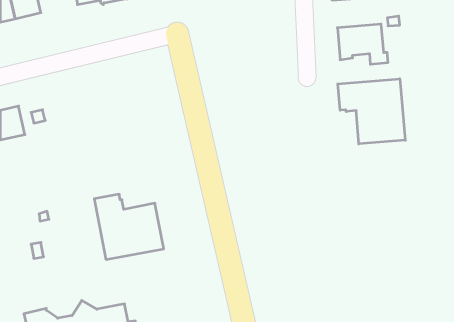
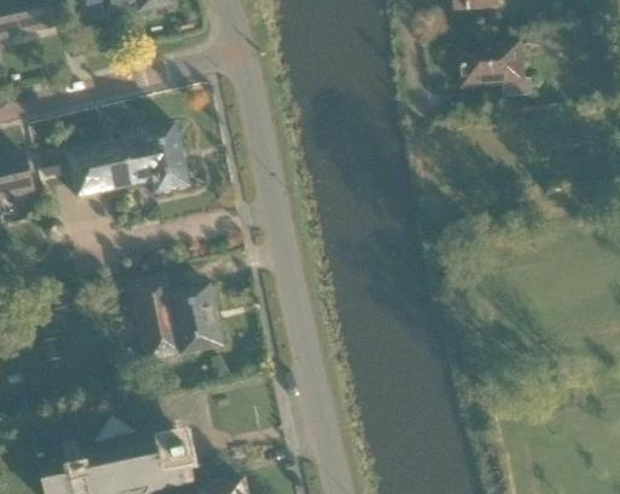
building: [338,79,405,144] -> none
building: none -> [69,125,190,197]

